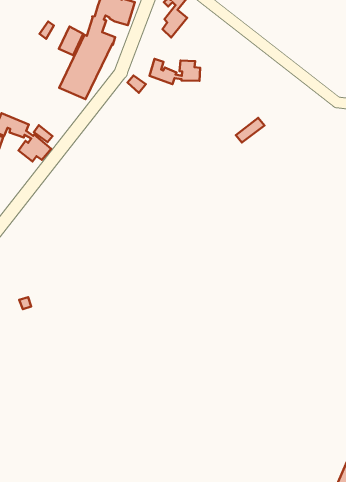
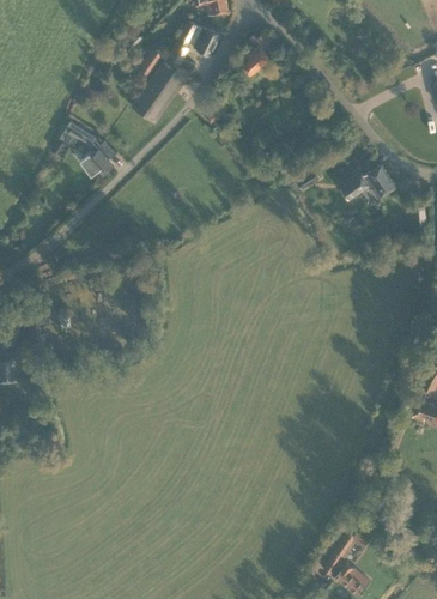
building: [149,59,200,84] -> none
building: none -> [341,165,396,200]

